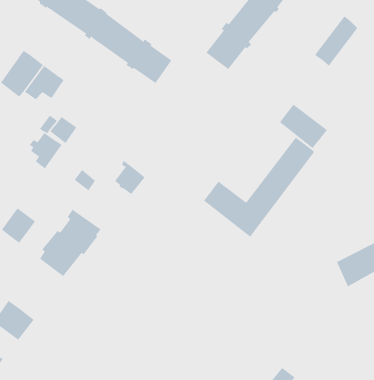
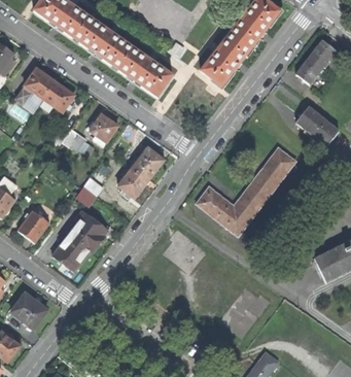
building: [279,104,328,149] -> [296,106,340,146]
building: [29,132,62,169] -> [89,114,118,147]
building: none -> [131,147,165,182]

